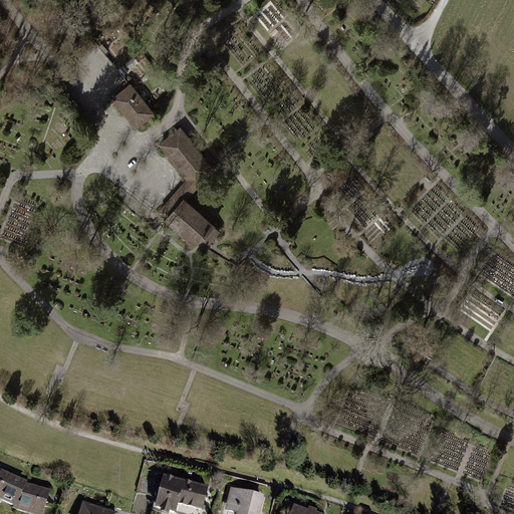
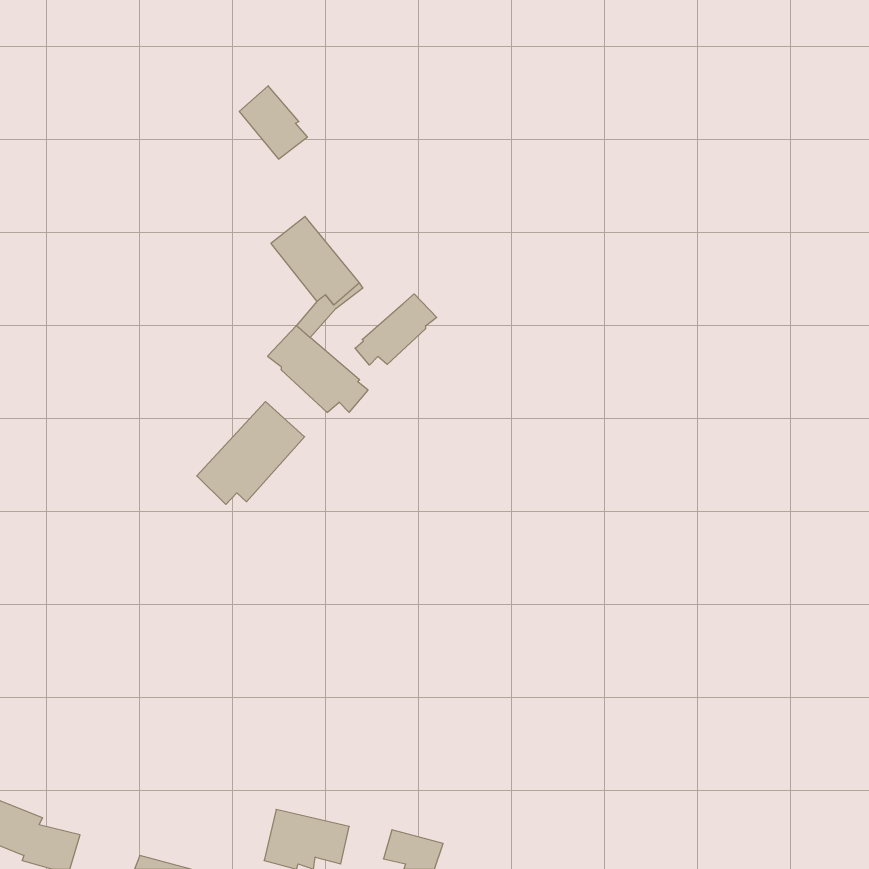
building: [110,82,151,125] -> [239,86,307,159]
building: none -> [355,294,437,365]
building: none -> [197,402,305,504]

